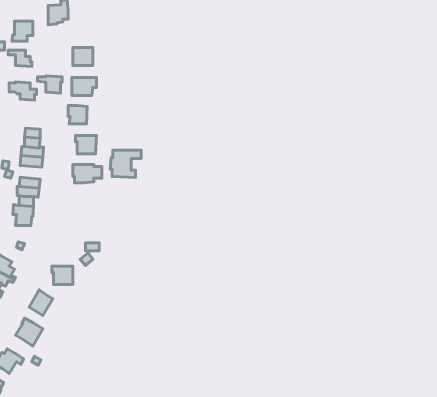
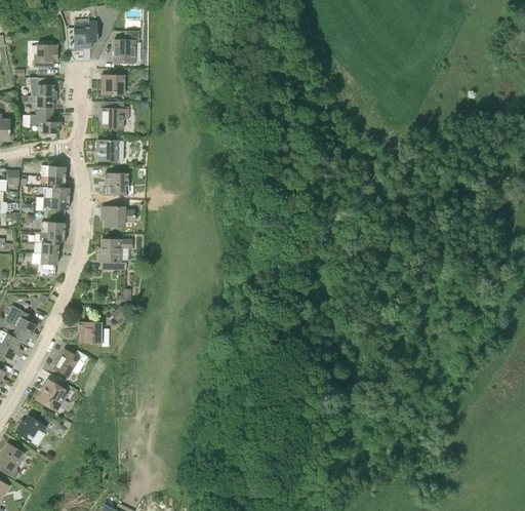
building: none -> [114,30,138,63]
building: [38,76,62,93] -> [28,94,55,114]
building: [110,150,141,177] -> [97,239,132,270]

